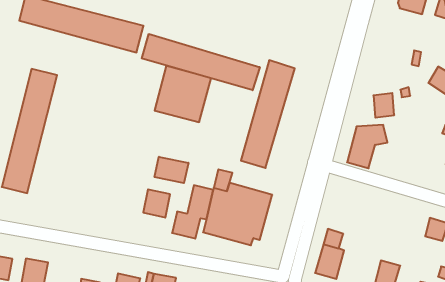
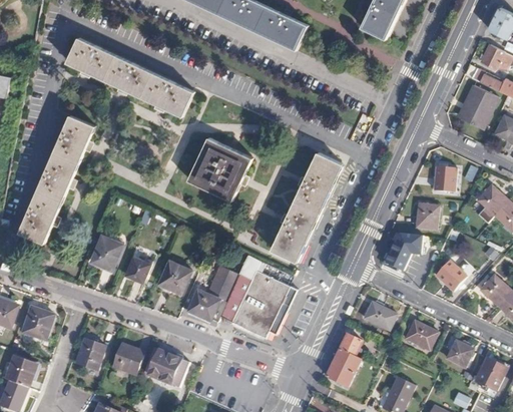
building: [142,34,260,90] -> none
building: none -> [434,168,458,192]
building: none -> [436,261,467,292]
building: [155,157,188,183] -> none
building: none -> [93,236,123,270]
building: none -> [127,258,151,283]
building: none -> [363,302,397,330]
building: none -> [405,321,438,351]

